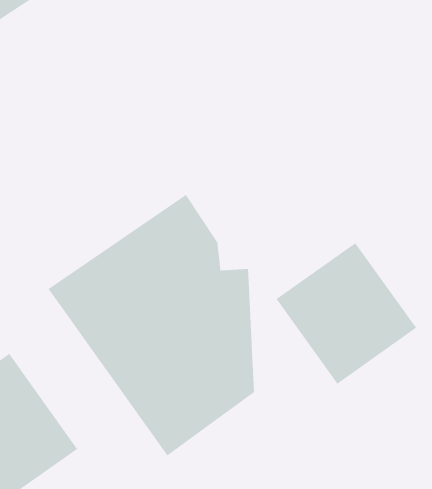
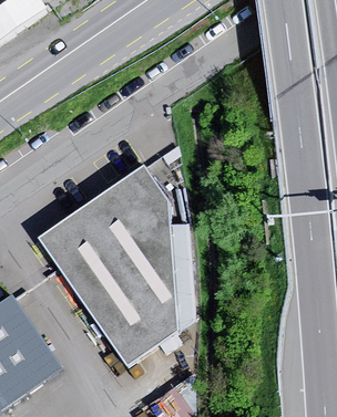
building: [275,242,417,385] -> none

